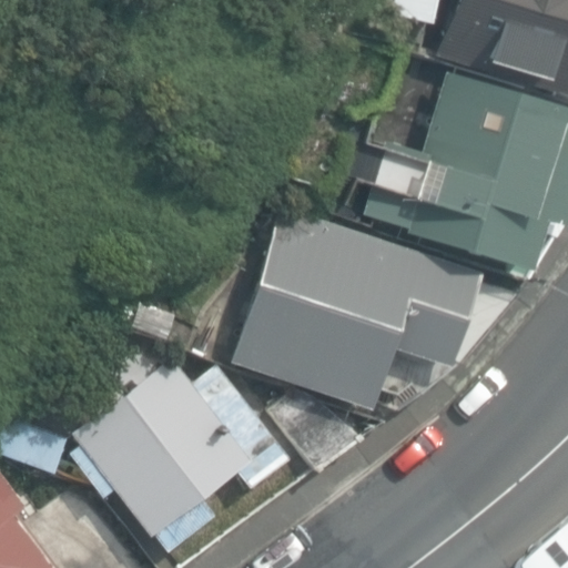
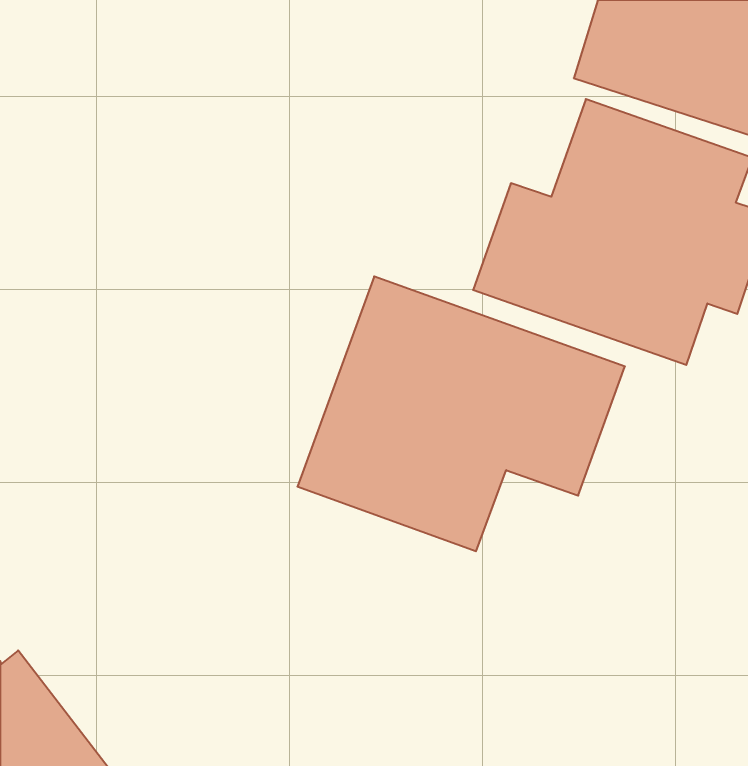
building: [72,357,254,537] -> none

